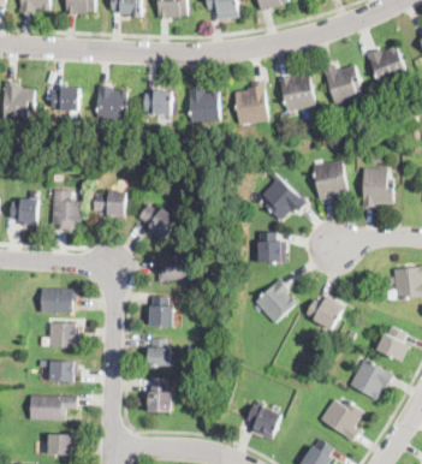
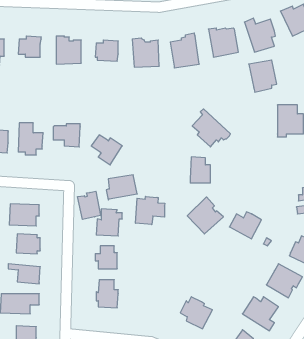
building: [311,161,345,200] -> [249,60,277,92]
building: none -> [78,191,101,219]
building: none -> [136,196,165,225]

